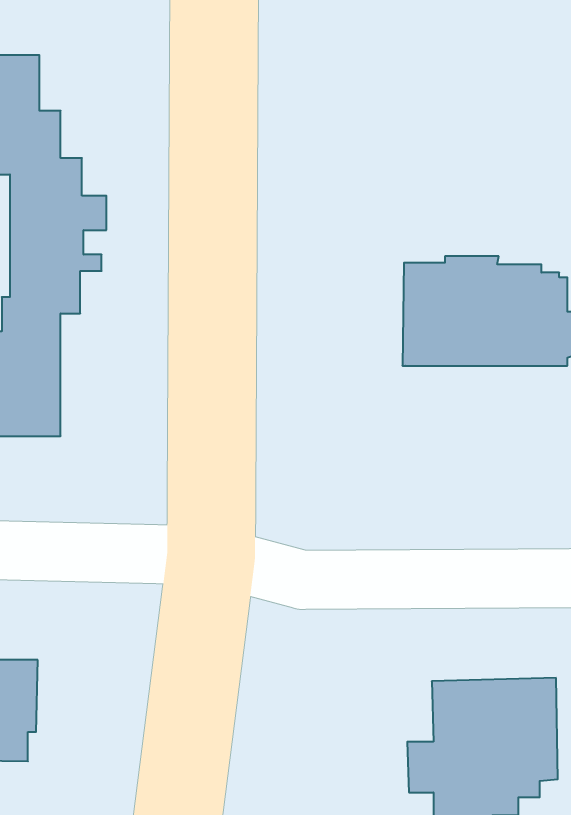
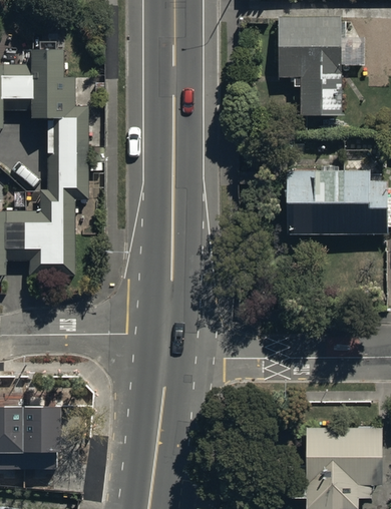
building: none -> [278,14,358,114]

